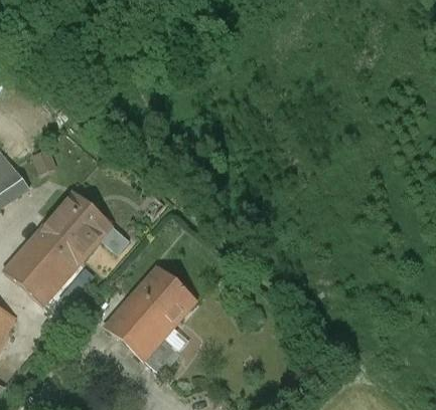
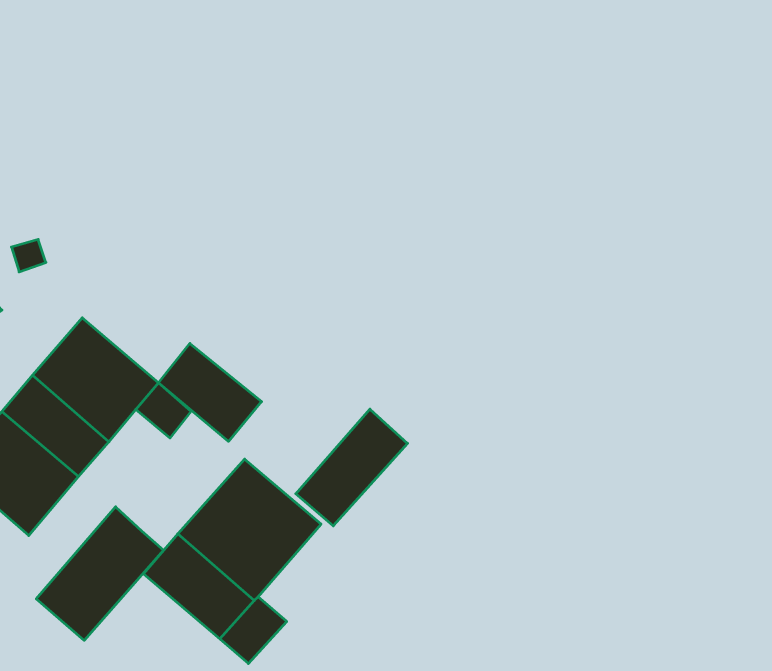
building: none -> [159,343,262,441]
building: none -> [296,409,408,526]
building: none -> [36,507,164,640]

